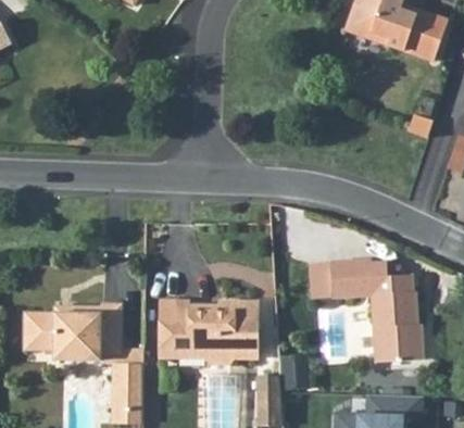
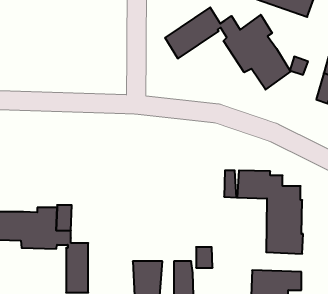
building: none -> [165,7,291,90]
building: [159,303,258,372] -> none

